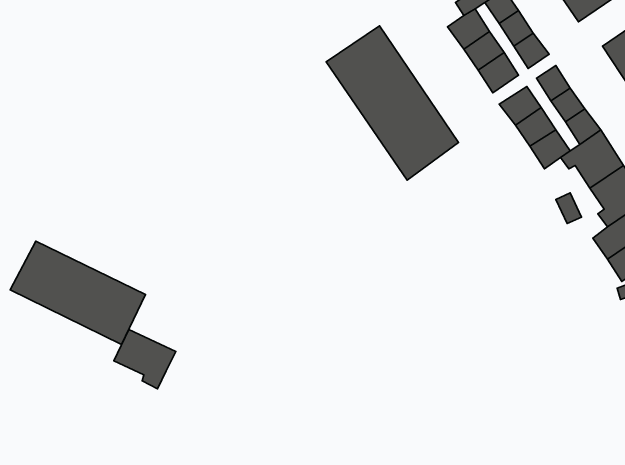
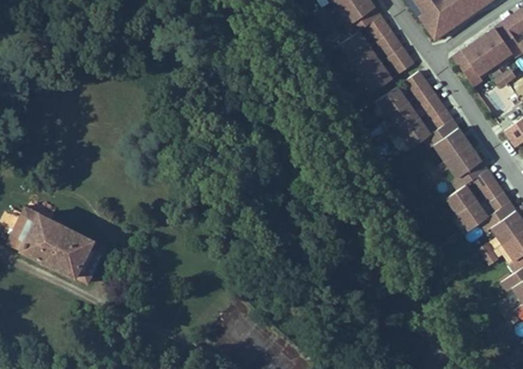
building: [326,26,459,180] -> none
building: [114,330,176,389] -> none

